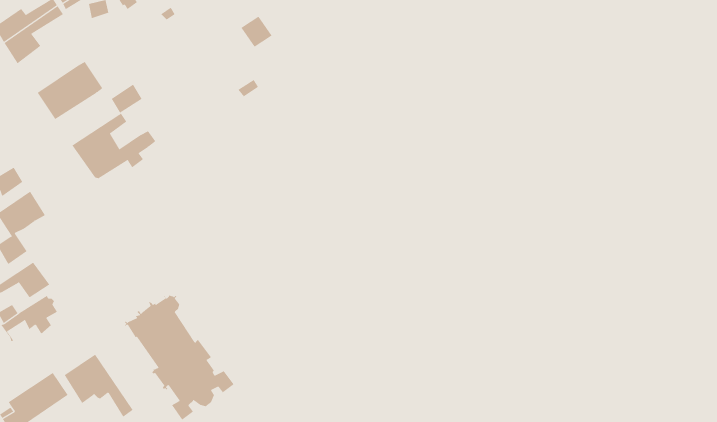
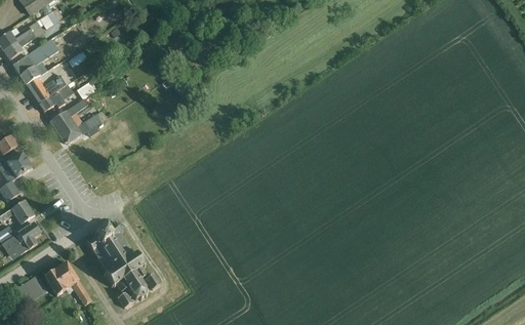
building: none -> [12,38,58,85]
building: none -> [38,85,73,112]

